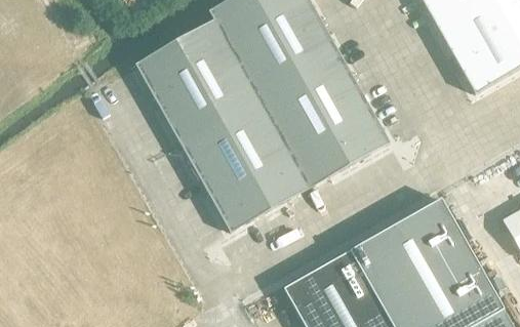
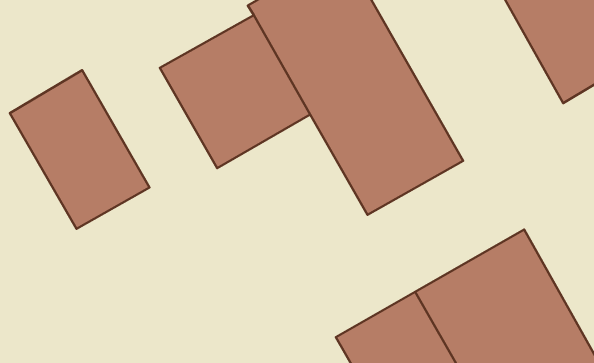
building: none -> [10,70,149,229]
building: [185,101,311,231] -> none

